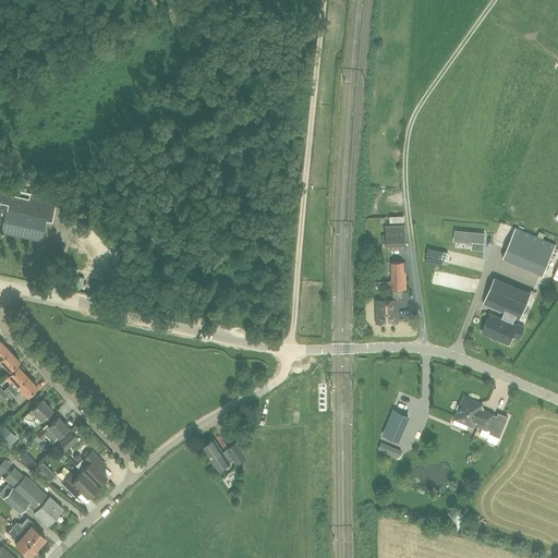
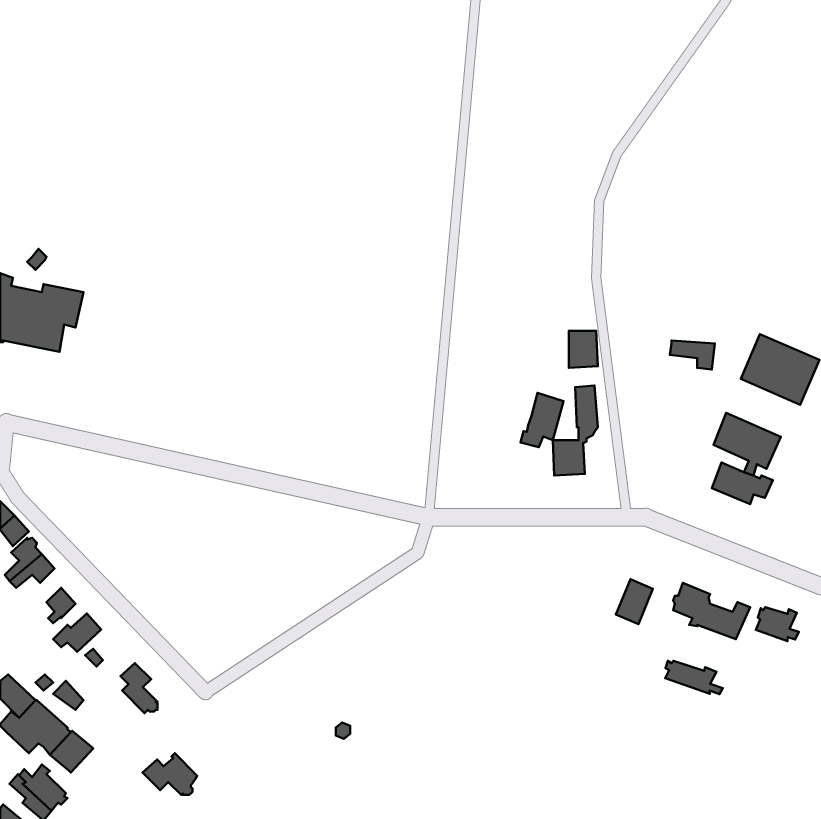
building: none -> [520,393,563,447]
building: [385,411,410,441] -> [616,579,653,624]
building: none -> [756,607,799,641]
building: [203,440,246,472] -> none
building: none -> [665,661,723,694]
building: [61,470,98,498] -> [143,753,197,795]

